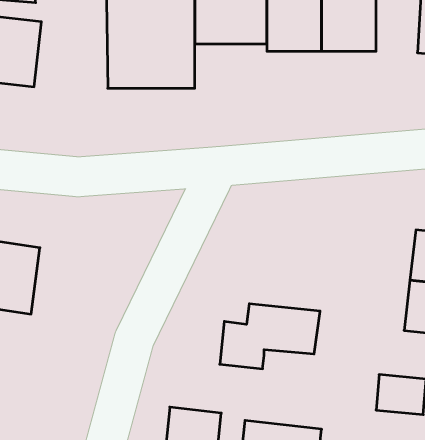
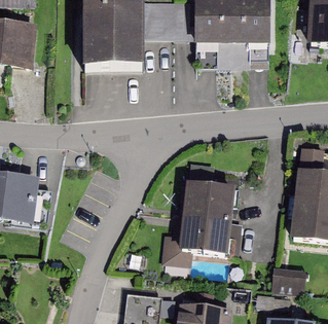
building: none -> [182,180,235,224]

